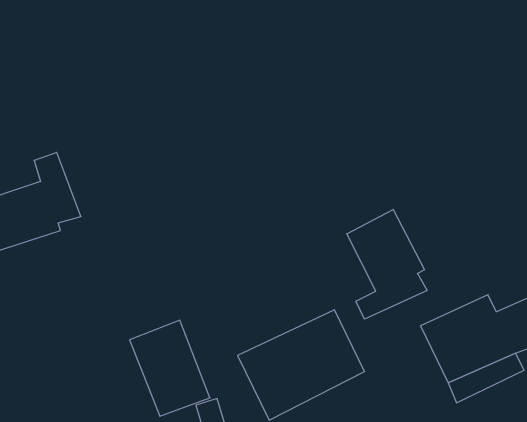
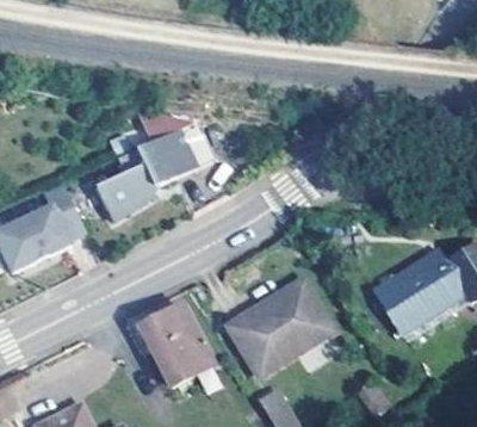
building: none -> [98,126,199,218]
building: [347,209,427,319] -> none

